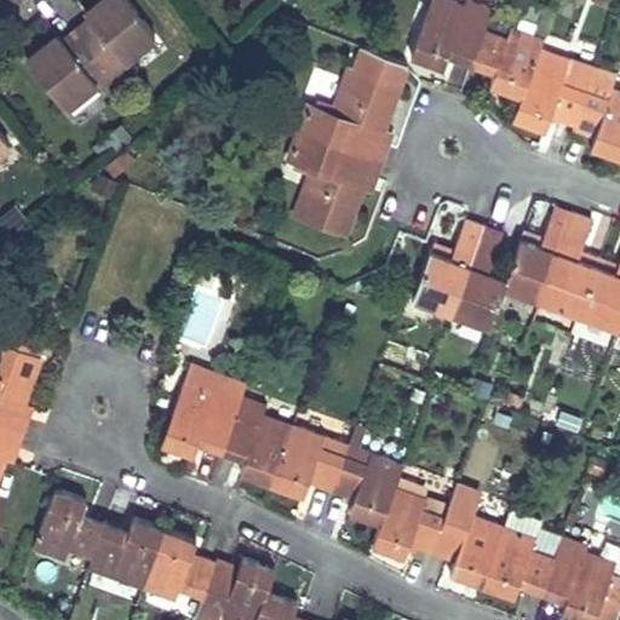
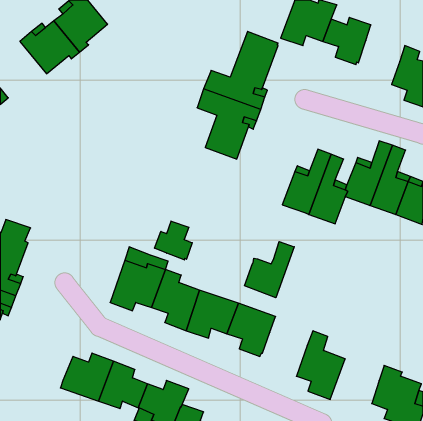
building: [513,63,585,133] -> none
building: none -> [155,221,192,260]
building: none -> [245,242,294,298]
building: [373,489,446,558] -> none
building: [33,490,107,561] -> none
building: [483,528,555,598] -> none

